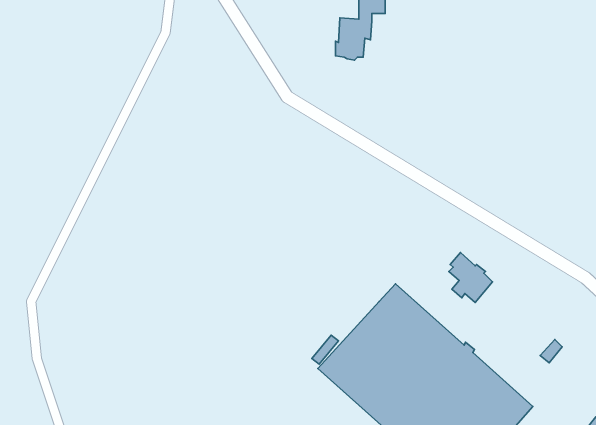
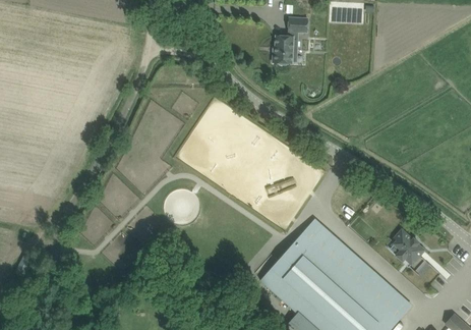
building: [449,253,493,302] -> [394,230,424,265]

